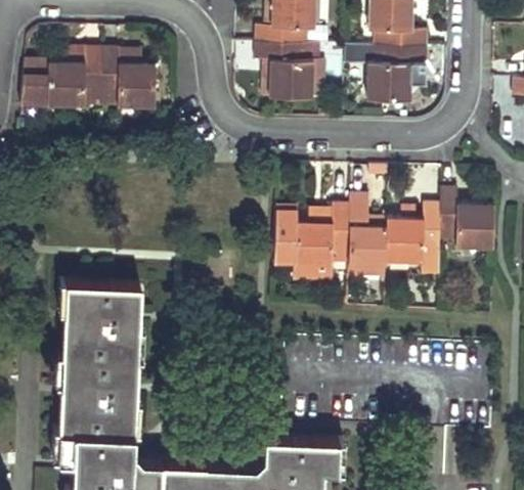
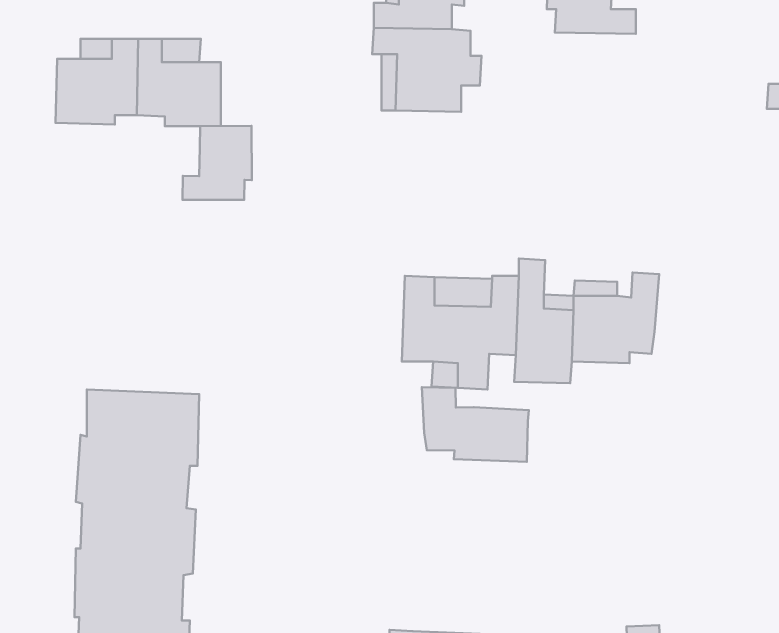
building: [345,45,429,100] -> none
building: [19,62,49,105] -> none
building: none -> [182,126,252,200]
building: [441,189,497,249] -> none
building: none -> [422,387,529,462]

